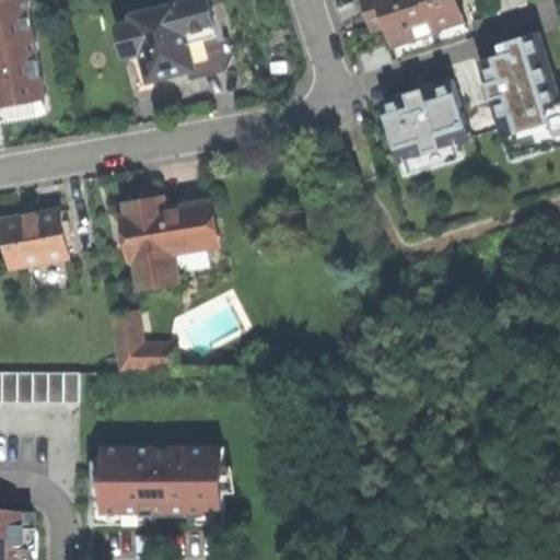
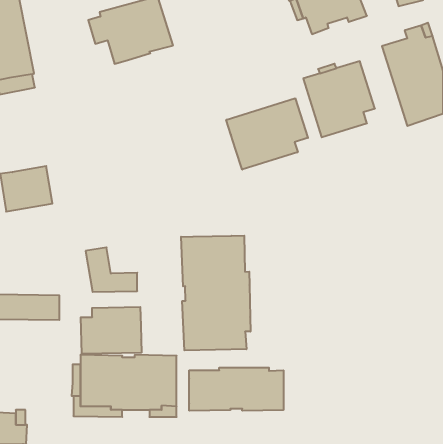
building: none -> [226,98,308,170]
building: [120,196,208,285] -> none
building: none -> [181,236,250,350]
building: none -> [81,307,141,354]
building: none -> [189,368,283,411]

